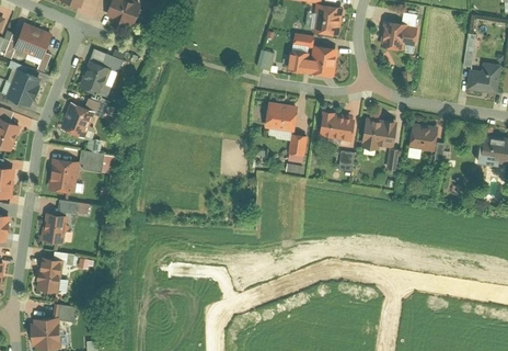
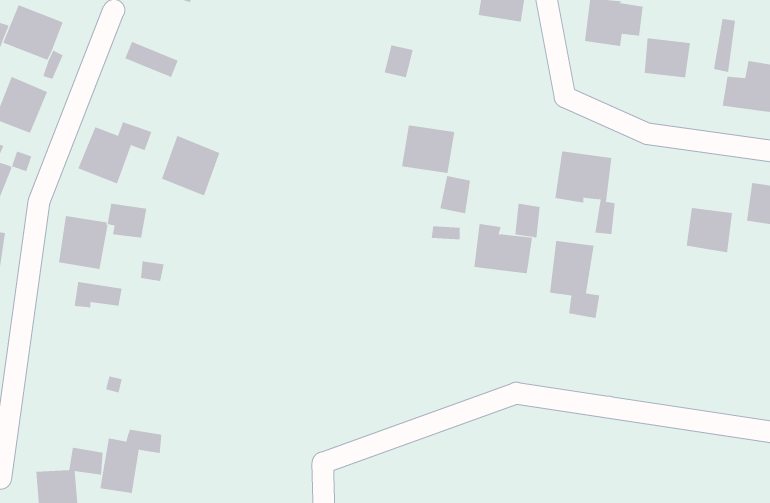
building: [287,33,337,77] -> none
building: none -> [644,37,690,78]
building: [80,59,117,98] -> [161,135,220,196]
building: [318,111,355,143] -> [473,223,533,274]
building: [408,124,438,152] -> [686,207,733,253]
building: none -> [550,240,600,319]
building: [42,213,69,244] -> none
building: [37,251,77,292] -> [99,429,162,494]

